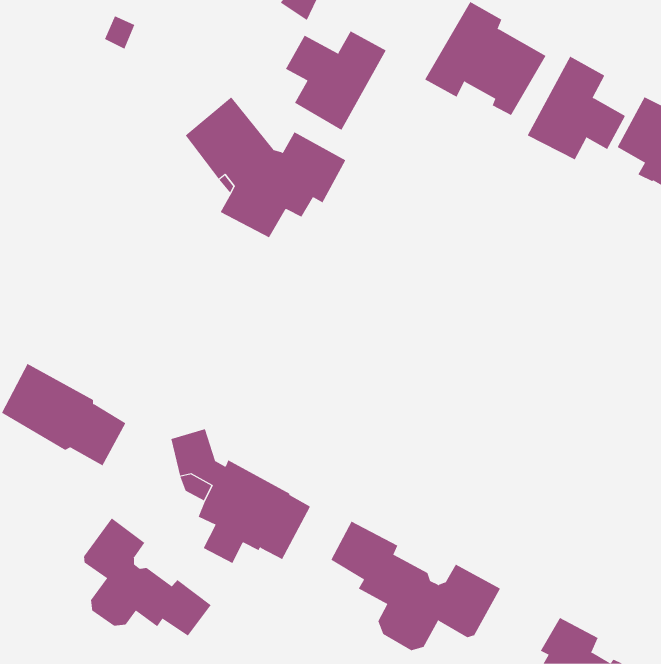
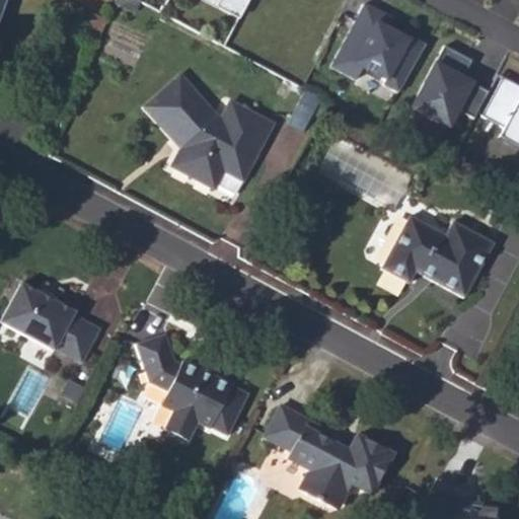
building: [285,31,387,131] -> none
building: none -> [383,214,495,297]
building: [84,518,212,636] -> none

